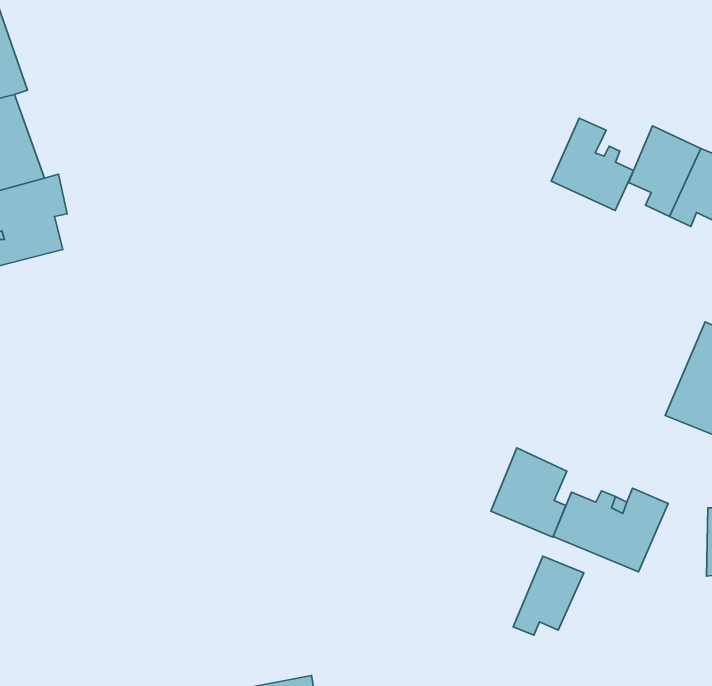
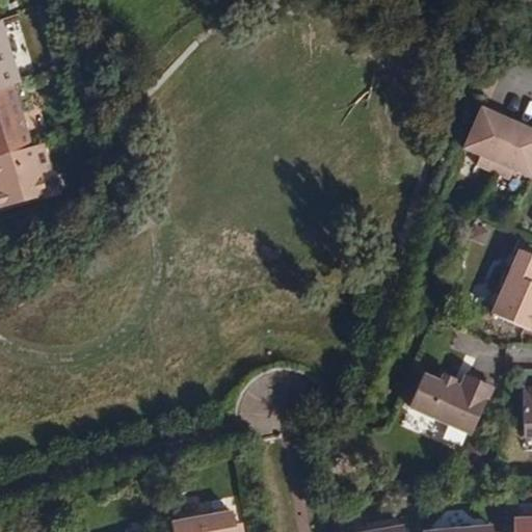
building: [551,118,633,211] -> none
building: [491,448,567,537] -> none
building: [513,556,584,635] -> none

